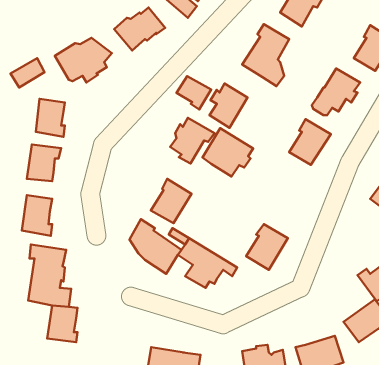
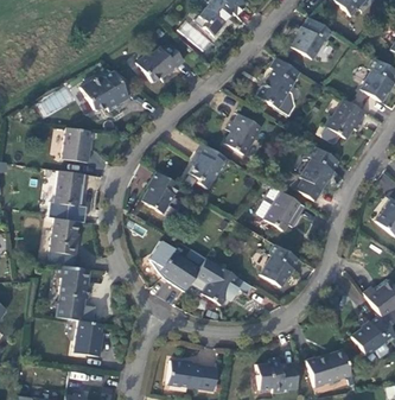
building: [177,76,211,109] -> none
building: [202,128,253,176] -> [256,185,304,230]
building: [151,179,191,223] -> [141,171,179,212]

